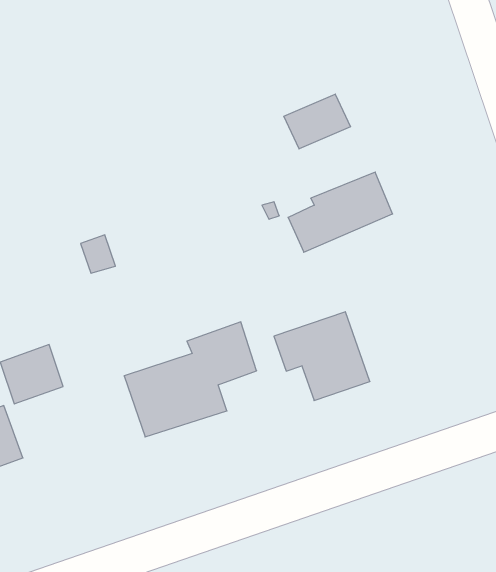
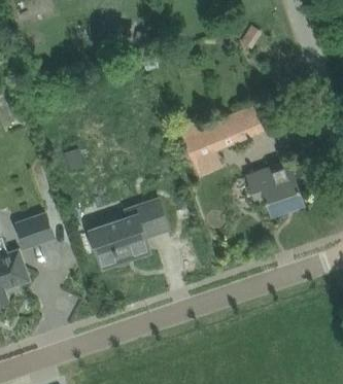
building: [284,94,350,149] -> none
building: [274,312,370,401] -> [246,163,303,215]

